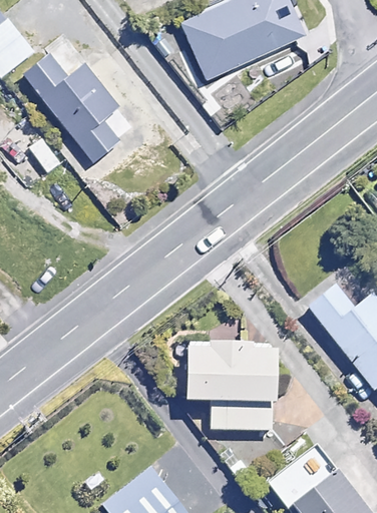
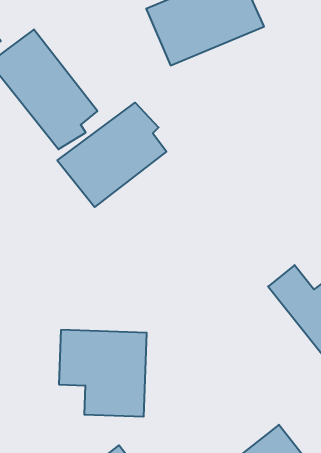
building: none -> [57,103,166,207]
building: [186,342,277,431] -> [59,330,147,417]

